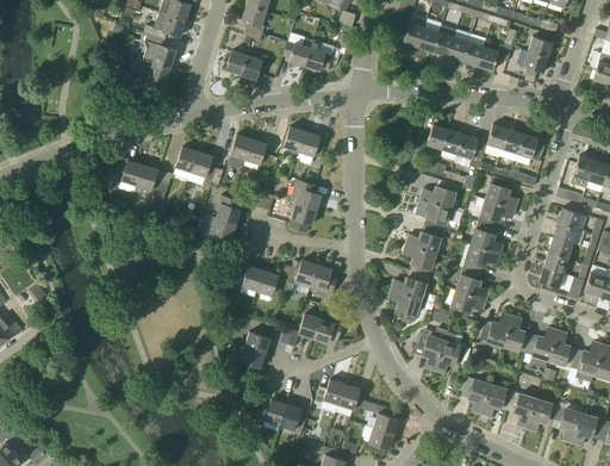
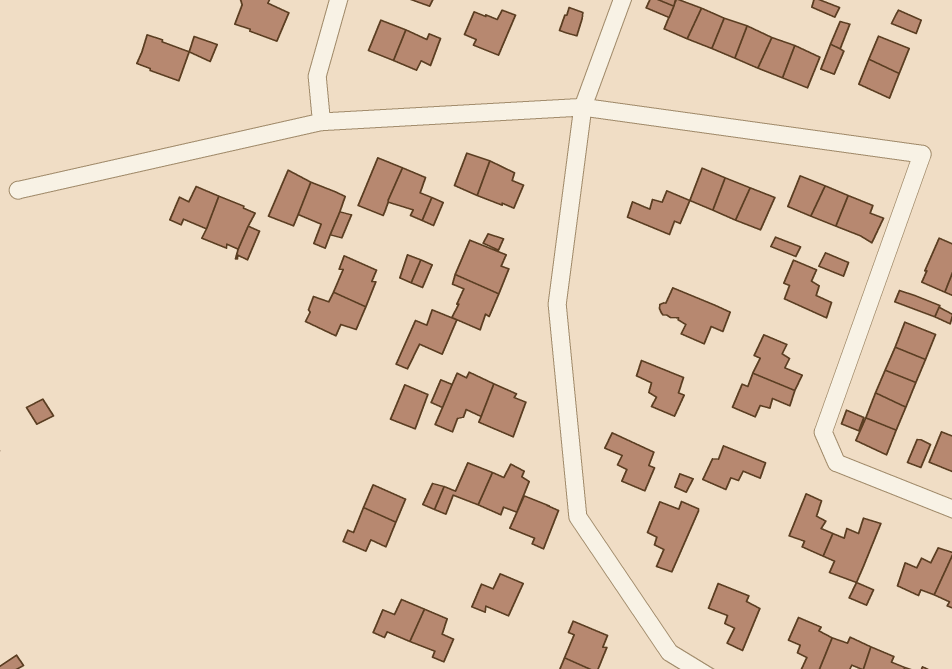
building: [305,39,342,70] -> none
building: [139,60,170,86] -> [137,35,189,81]
building: [422,180,459,206] -> [627,191,690,234]
building: [479,199,516,226] -> none
building: [406,225,443,251] -> none
building: [230,265,264,302] -> [396,310,457,369]
building: [460,267,490,299] -> none
building: [392,271,429,298] -> none
building: [480,312,512,342] -> none
building: [550,330,575,367] -> none
building: [435,331,468,373] -> none
building: [338,384,367,415] -> [510,496,558,549]
building: [481,386,513,416] -> none

